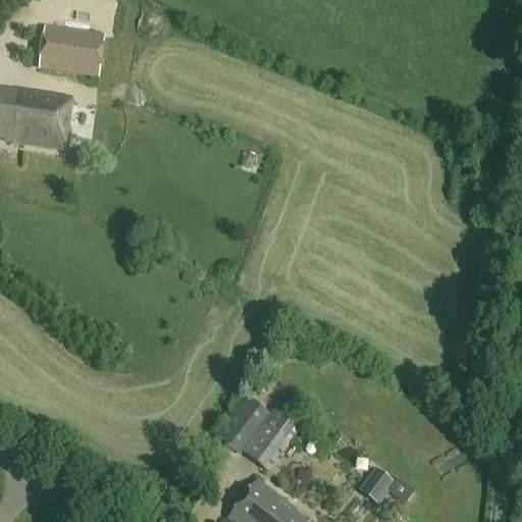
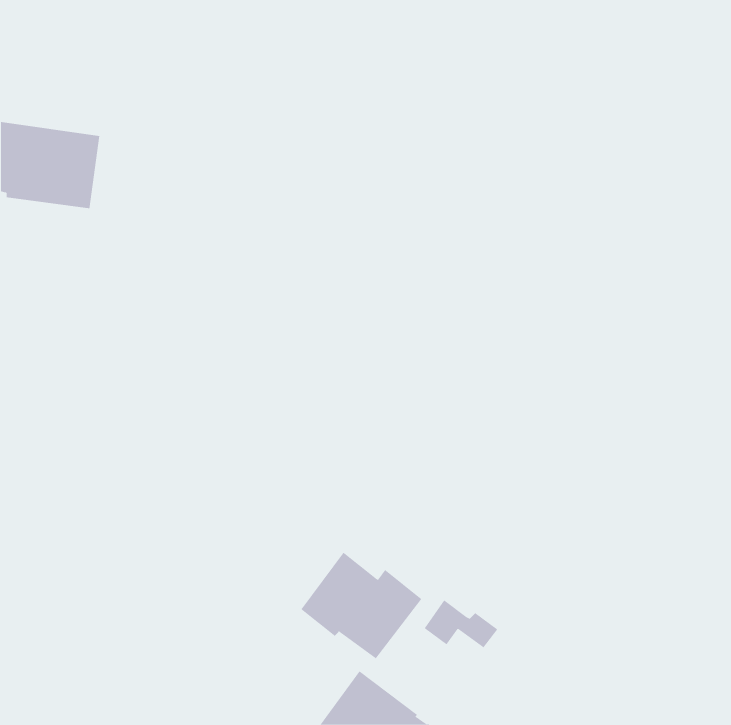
building: [40,24,105,75] -> none
building: [362,469,415,504] -> [424,600,498,648]

